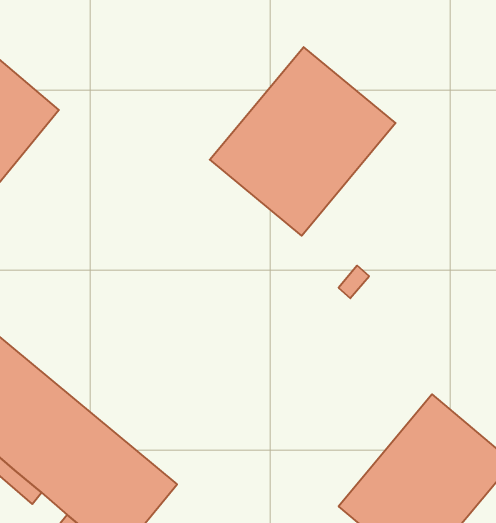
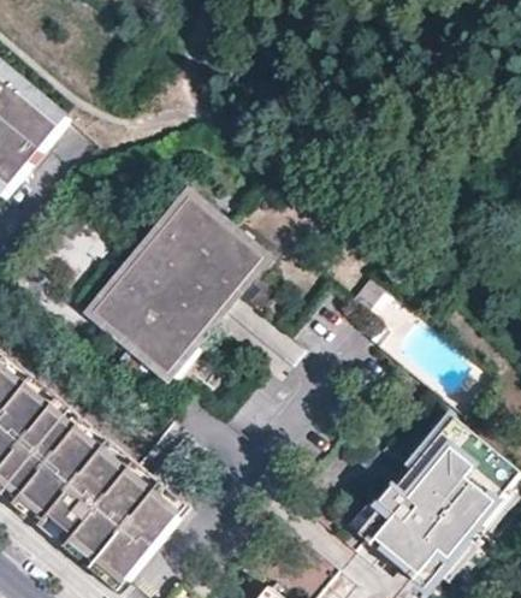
building: [210,47,396,236] -> none
building: none -> [87,199,256,375]

